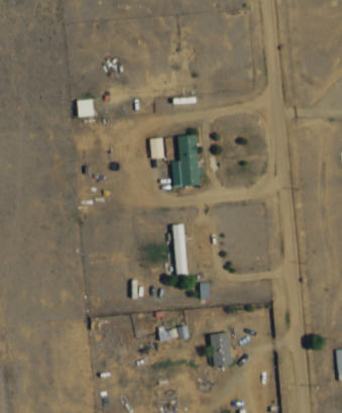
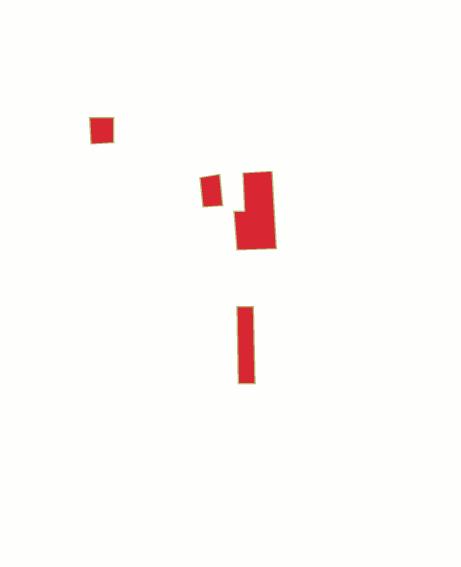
building: [209,331,232,366] -> none

